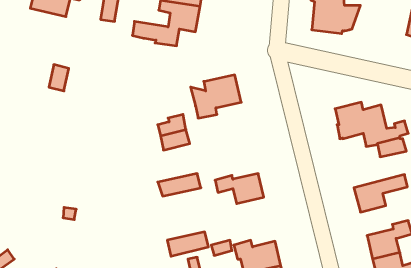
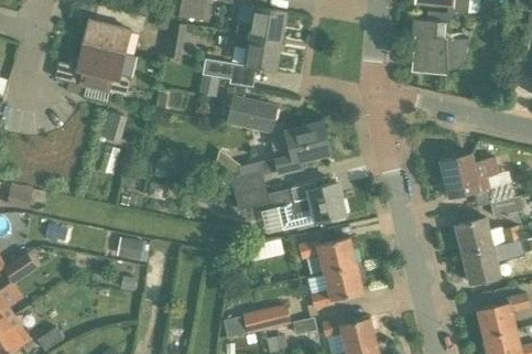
building: none -> [56,43,130,95]
building: none -> [225,94,287,140]
building: none -> [279,182,344,229]
building: none -> [455,217,521,254]
building: none -> [116,237,149,261]
building: none -> [311,265,362,309]

